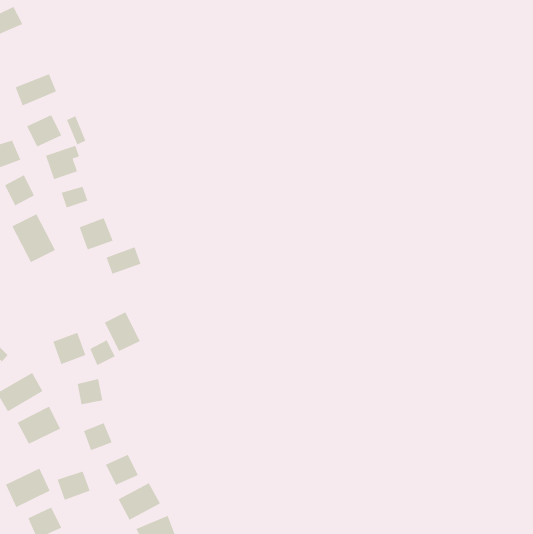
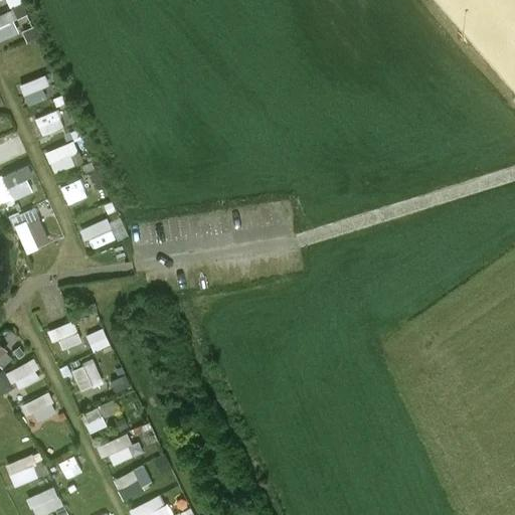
building: [106,246,141,275] -> none
building: [104,312,140,352] -> none

